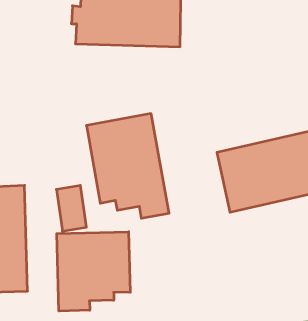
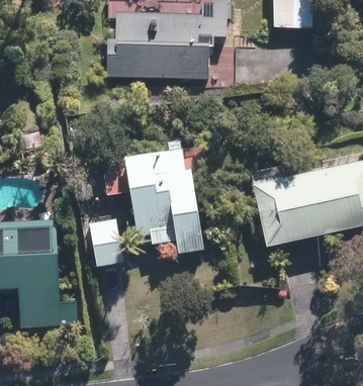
building: [57,232,130,311] -> none

